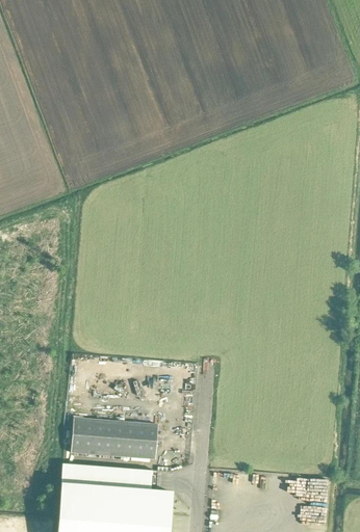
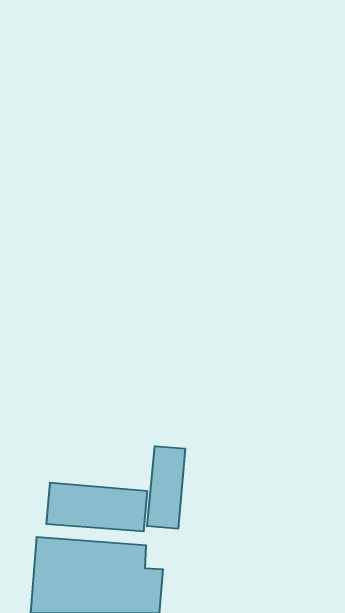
building: none -> [147,446,185,529]

